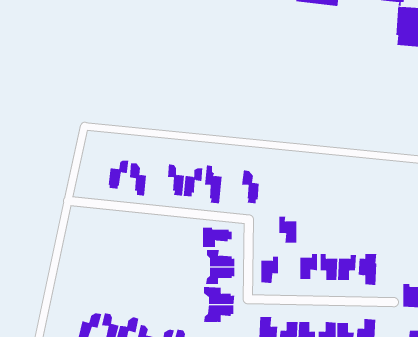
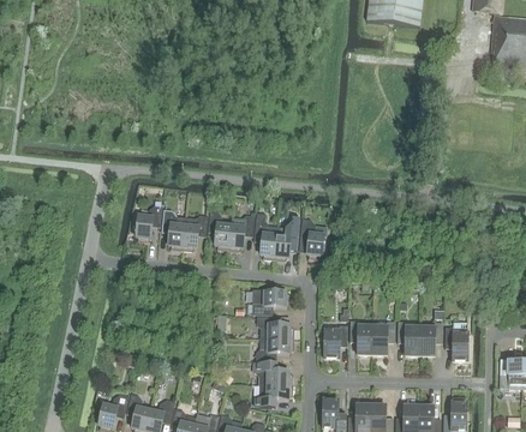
building: none -> [181,216,208,252]
building: none -> [274,222,300,262]
building: [279,216,297,243] -> [349,320,372,354]

